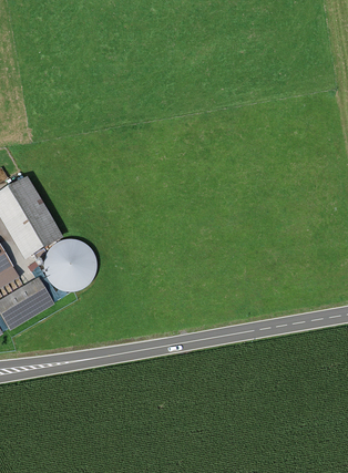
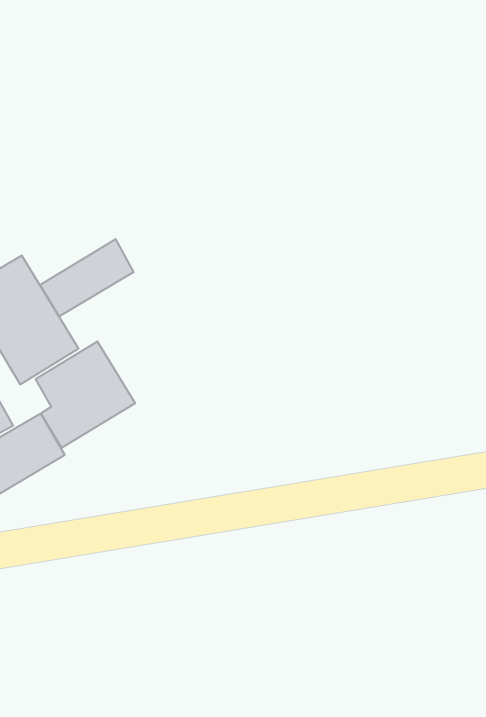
building: none -> [40,239,134,317]

